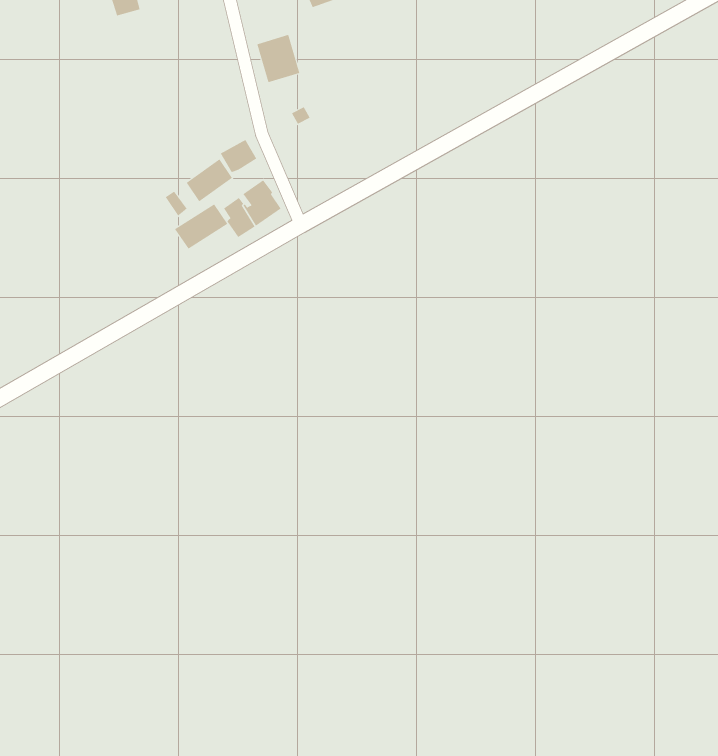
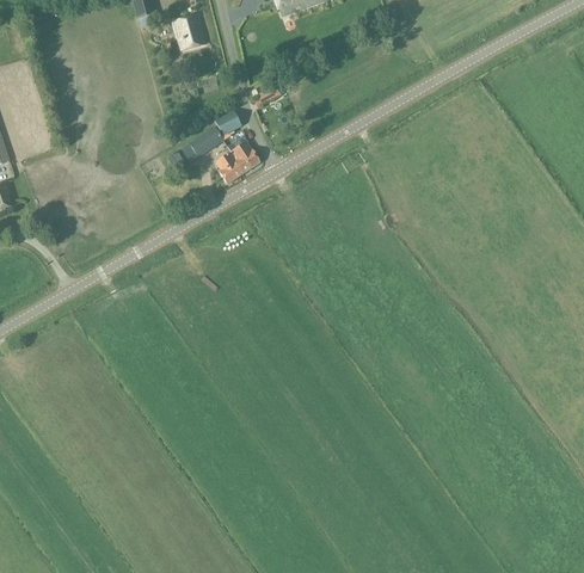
building: [257,34,300,83] -> [172,13,204,49]
building: [174,204,228,250] -> none

